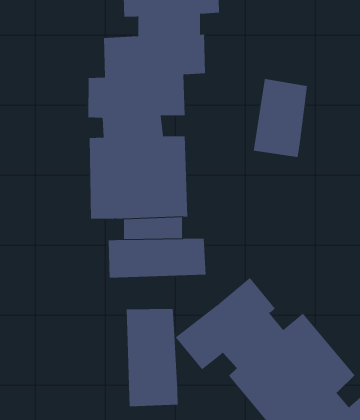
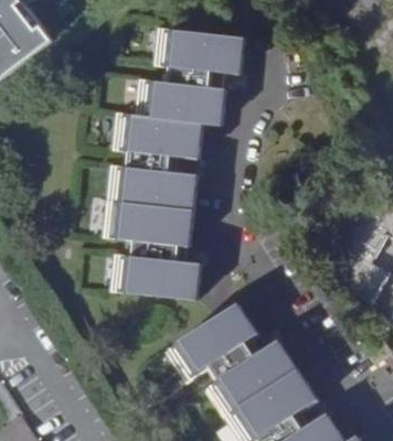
building: [253,78,307,158] -> none
building: [126,308,178,407] -> none

